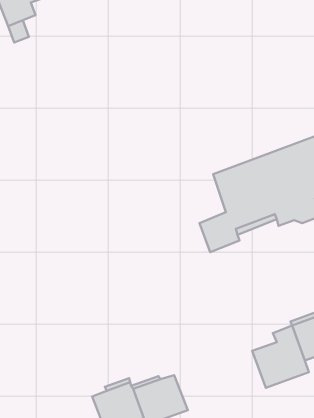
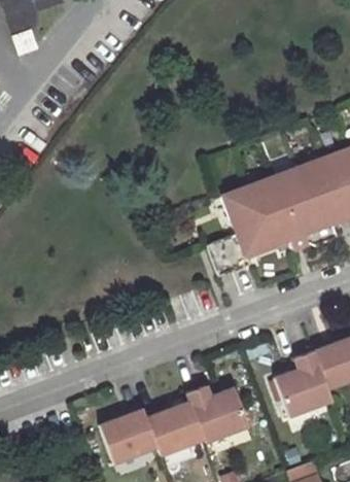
building: none -> [186,385,249,444]

